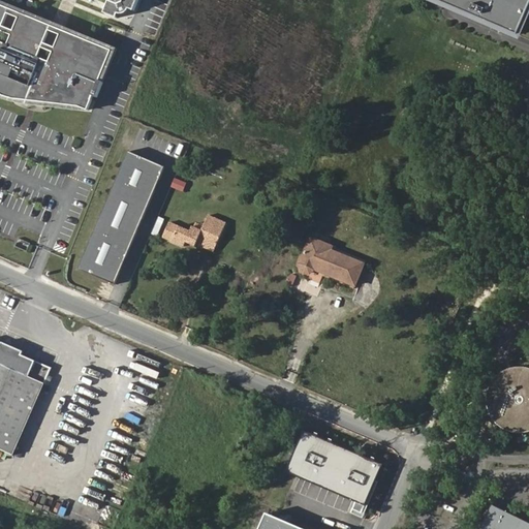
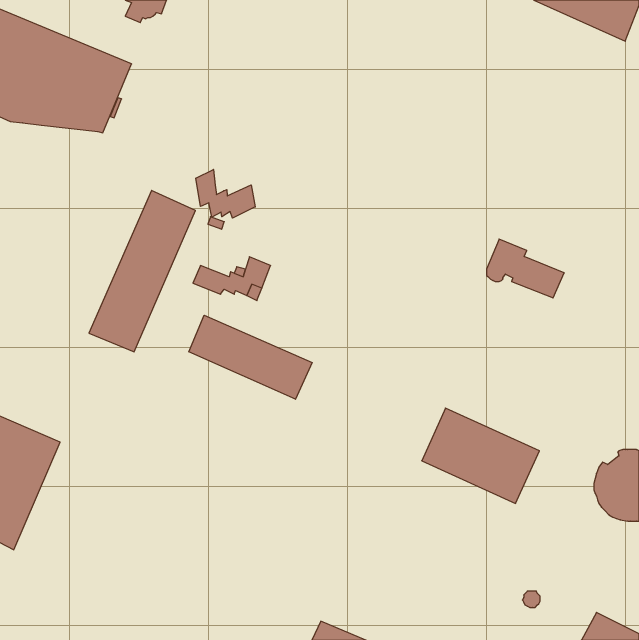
building: none -> [196,169,255,218]
building: [299,234,363,282] -> [487,239,564,298]
building: none -> [189,315,312,399]
building: [286,432,383,510] -> [422,408,539,503]

